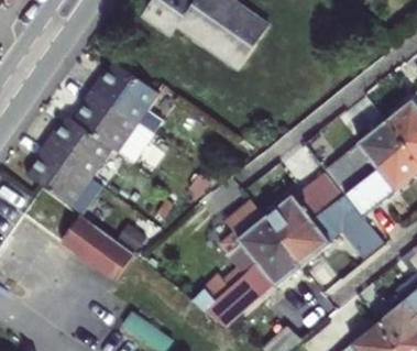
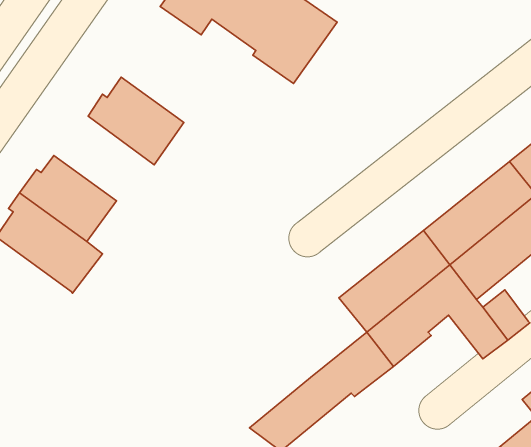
building: [67,89,151,162] -> none
building: [227,199,287,273] -> none
building: [58,212,132,281] -> none

